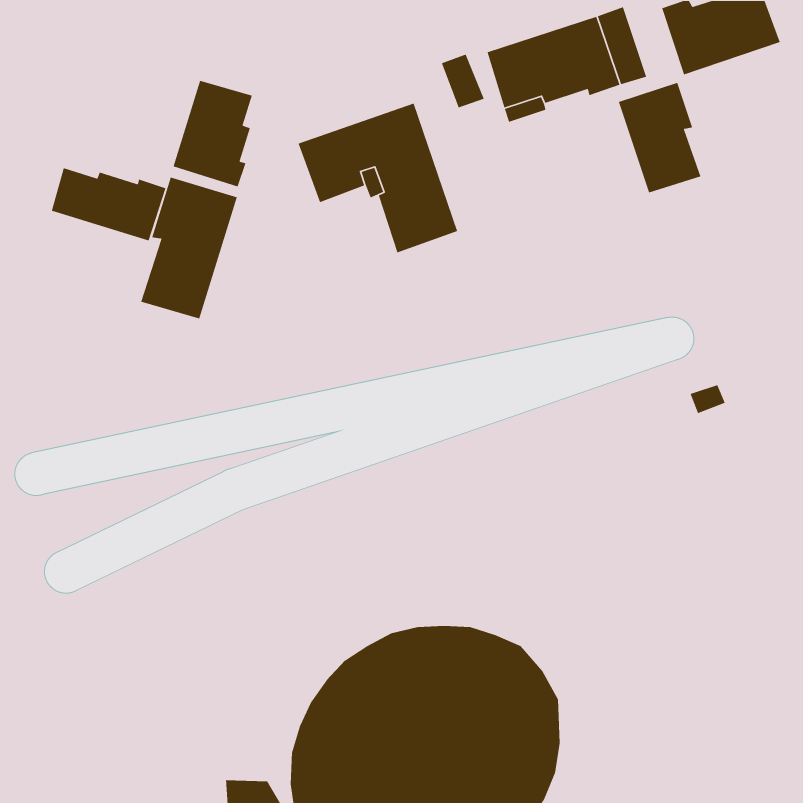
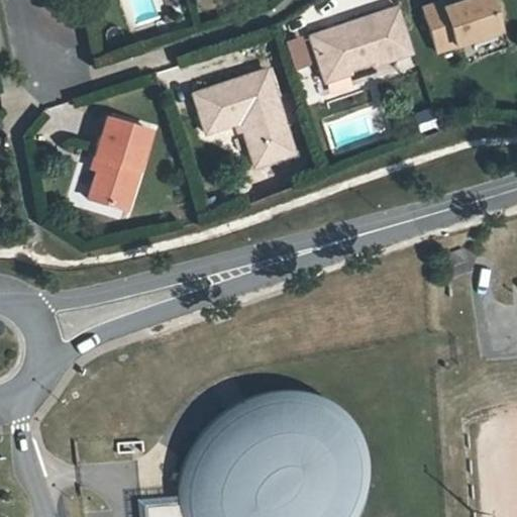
building: [173,80,253,188] -> none
building: [618,82,701,194] -> none
building: [51,167,167,241] -> none

